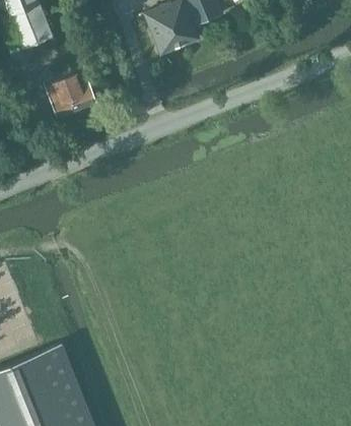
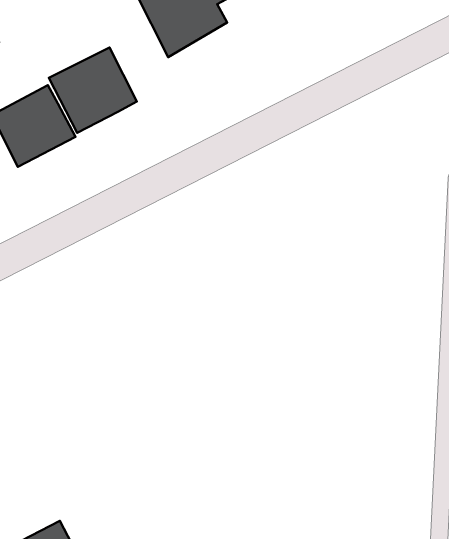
building: none -> [49,47,137,133]

